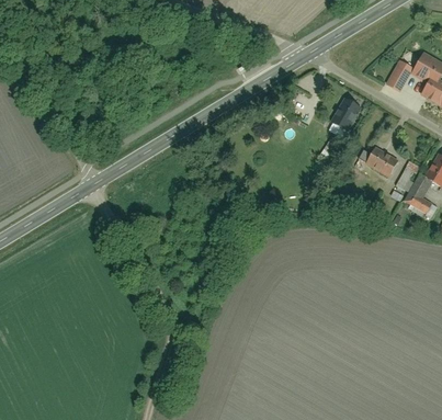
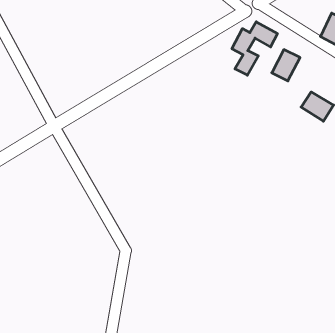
building: none -> [232,22,277,75]

